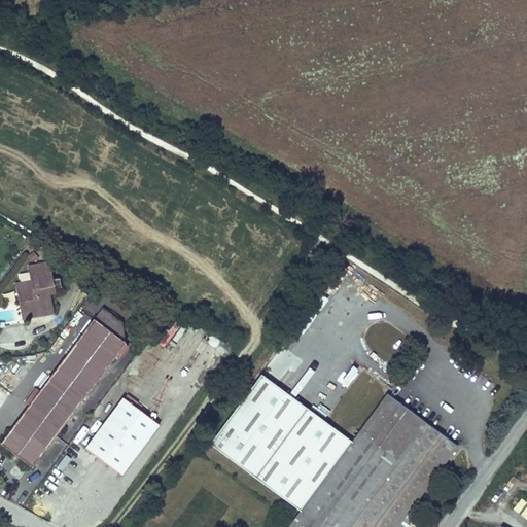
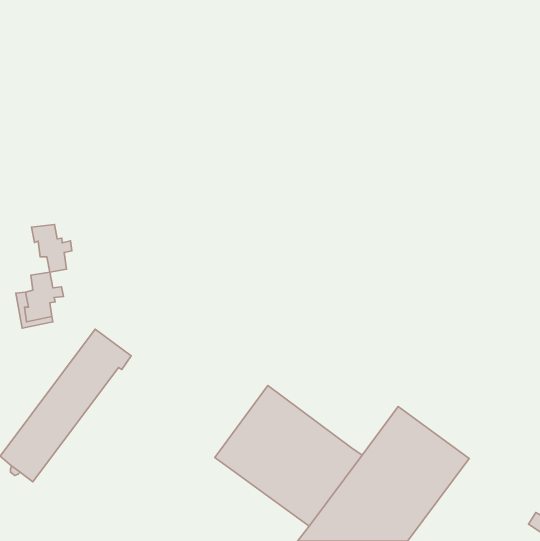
building: none -> [32,224,72,272]
building: [85,398,160,477] -> none

